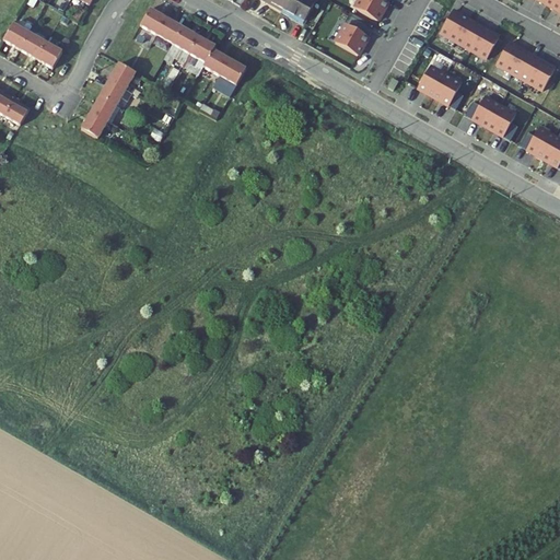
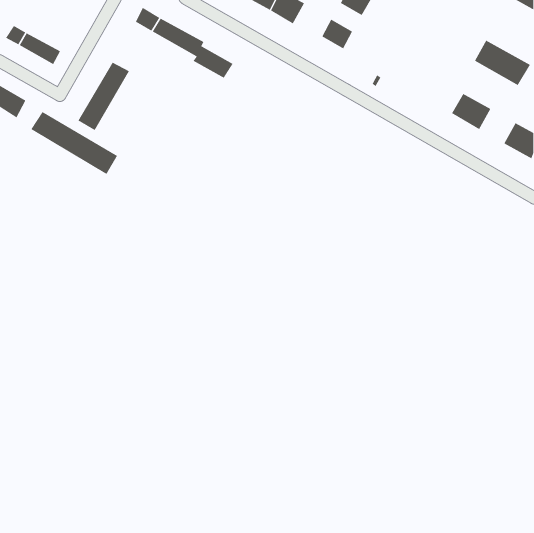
building: [439,10,498,58] -> none
building: [416,66,459,106] -> none
building: none -> [30,111,118,175]

